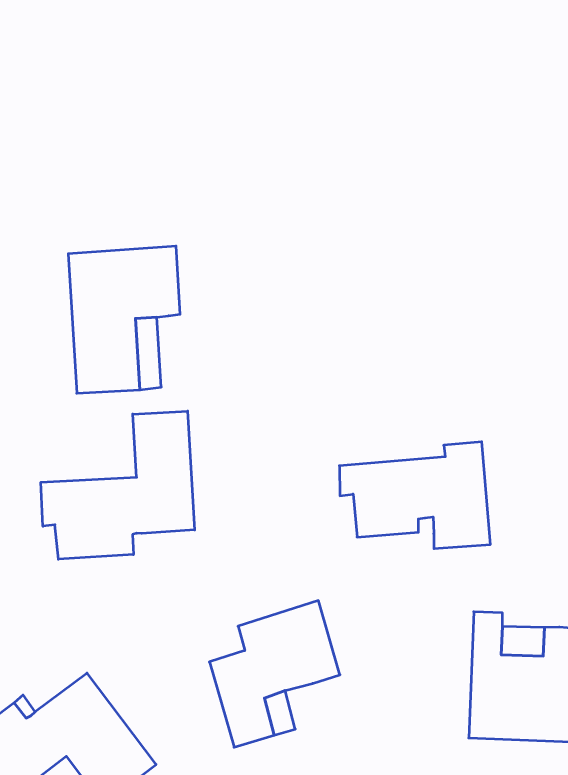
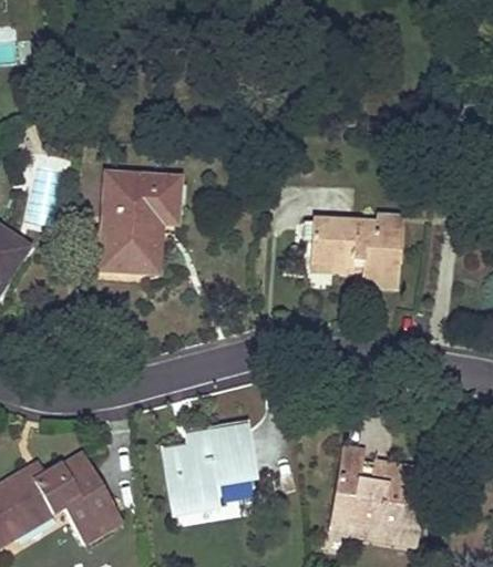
building: [41,411,195,559] -> none
building: [339,442,490,549] -> [305,216,403,286]

